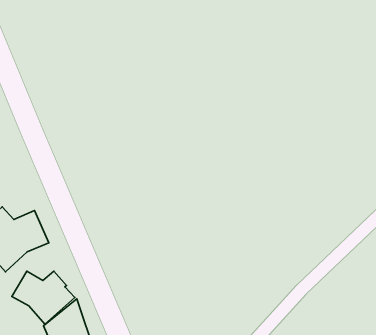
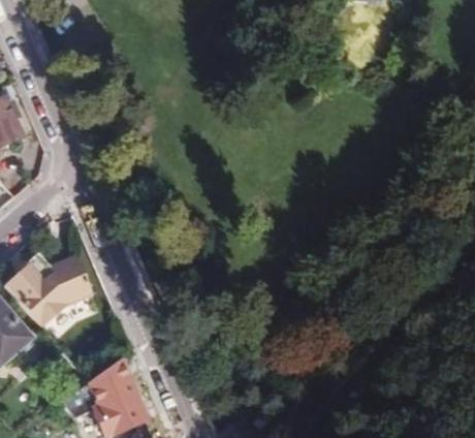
building: [12,271,75,324] -> none

